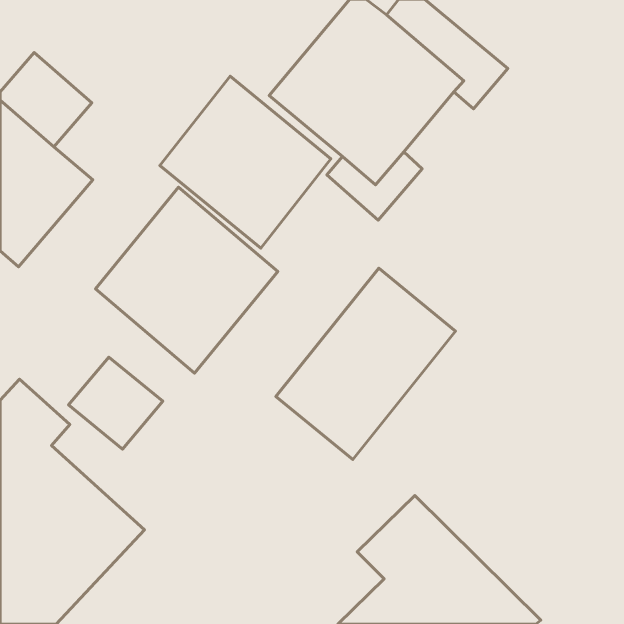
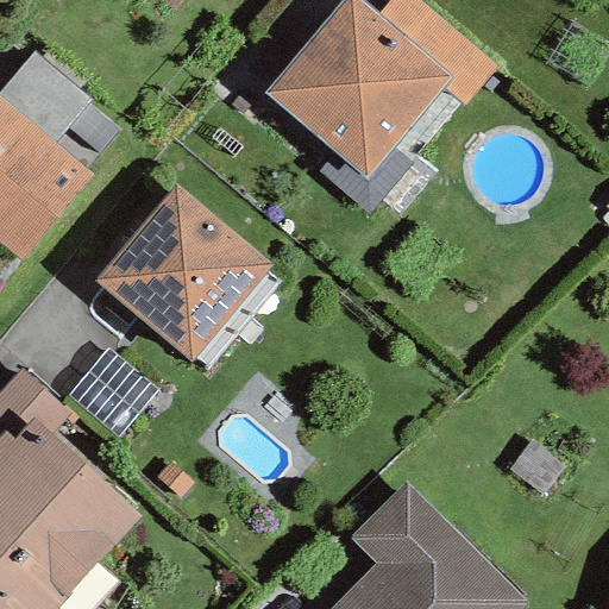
building: [160,76,331,248] -> none
building: [276,268,456,460] -> none

